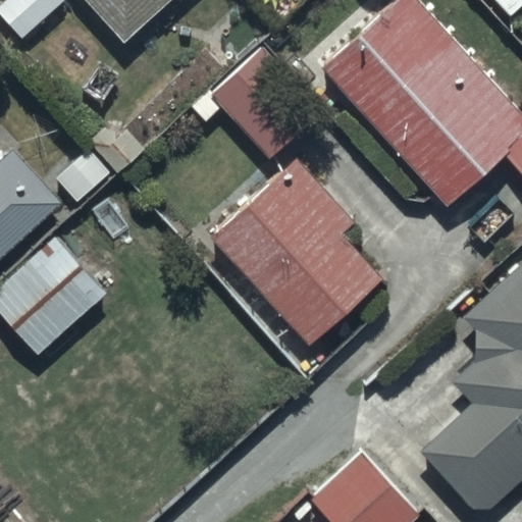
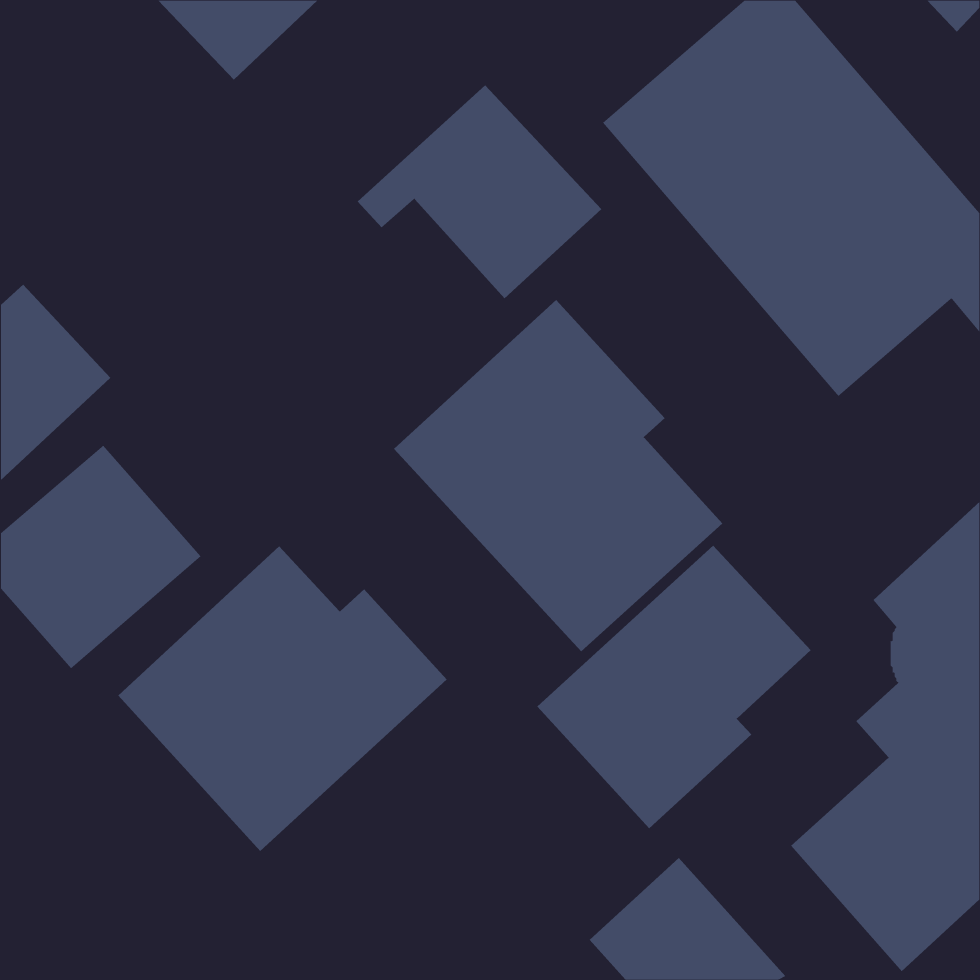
building: none -> [536,545,812,829]
building: none -> [118,546,448,852]

